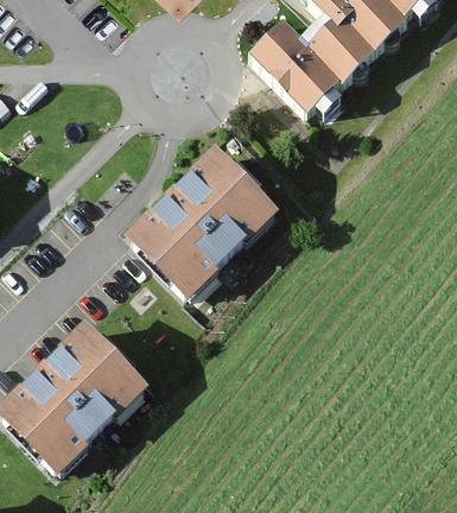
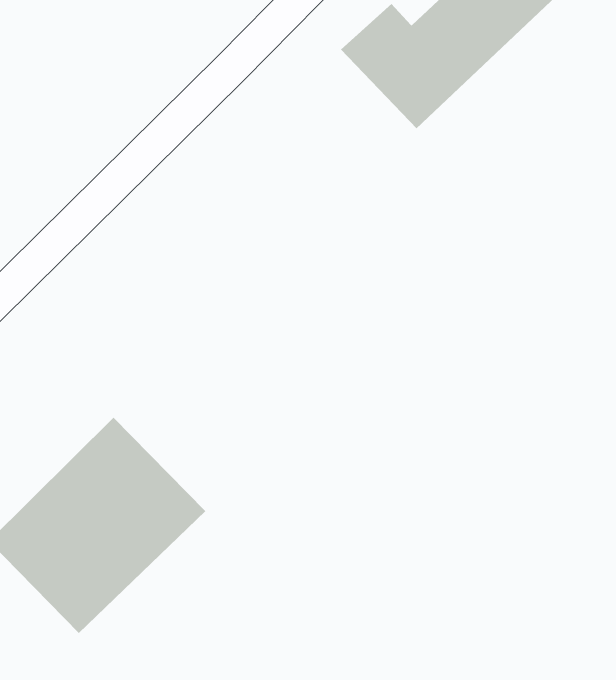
building: [123,145,279,299] -> none

